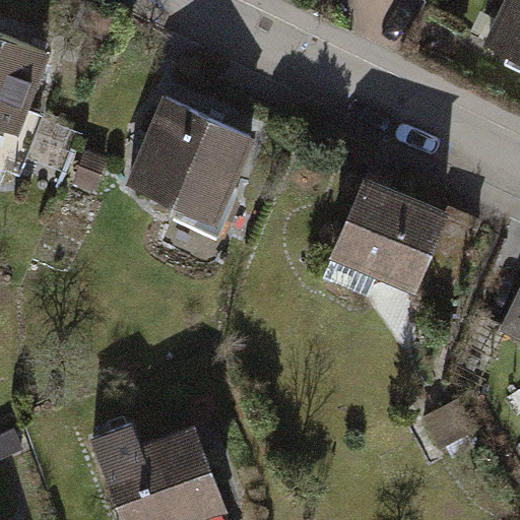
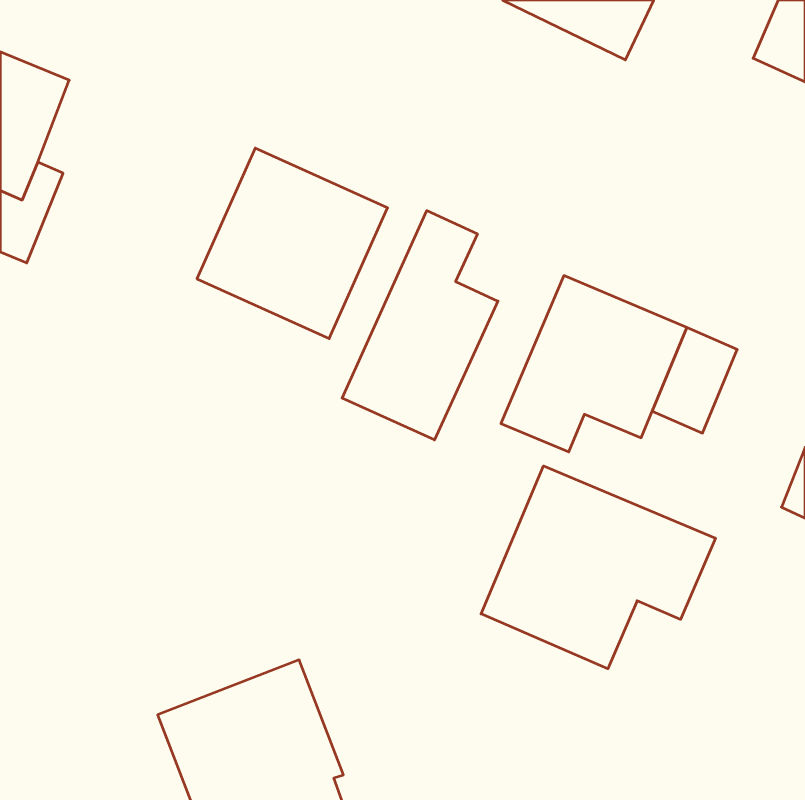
building: none -> [342,211,498,440]
building: none -> [481,466,715,669]

